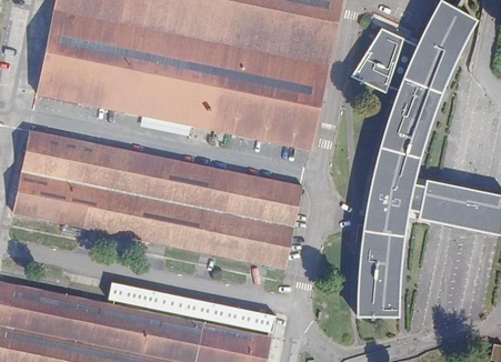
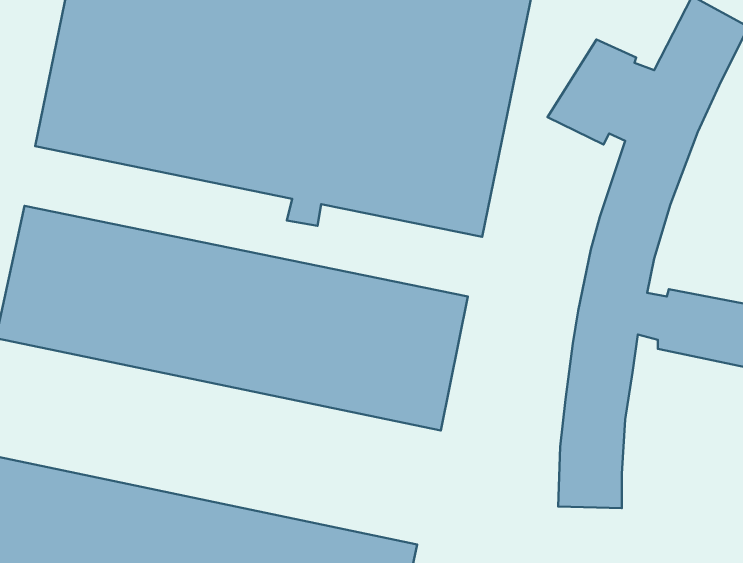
building: [108,281,275,332] -> none

